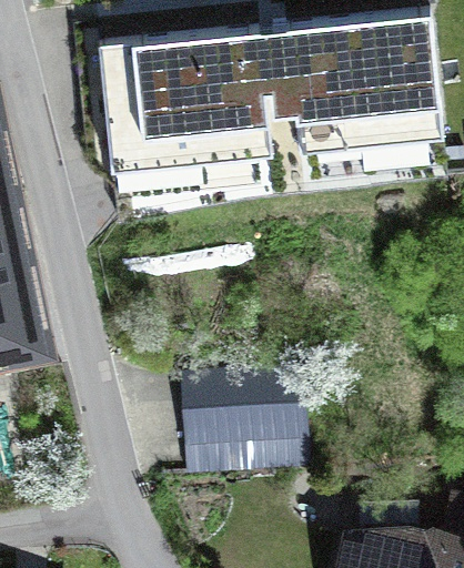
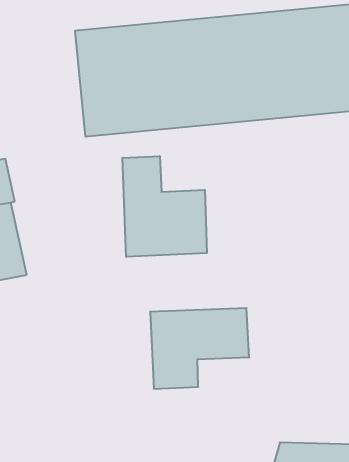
building: none -> [123,156,207,257]

